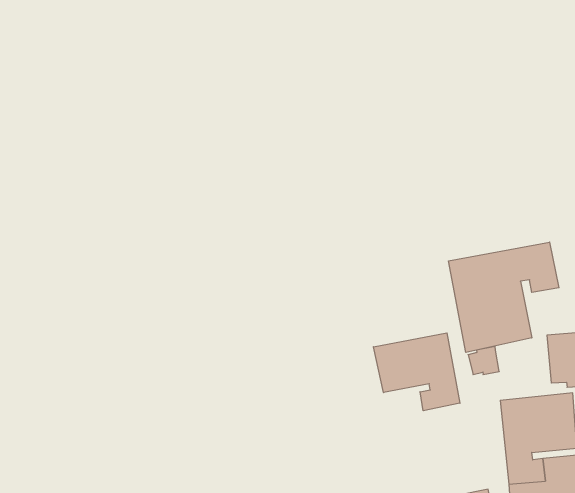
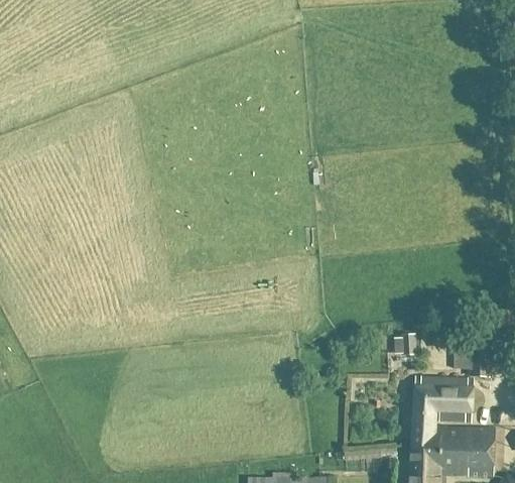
building: [449,242,559,352] -> none
building: [373,333,460,411] -> none

